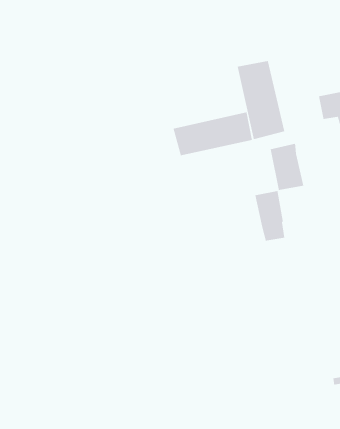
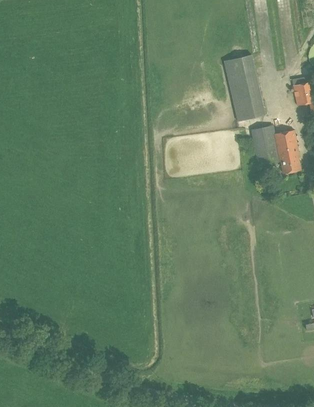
building: [173,112,252,156] -> none
building: [254,190,285,241] -> [274,129,300,172]

